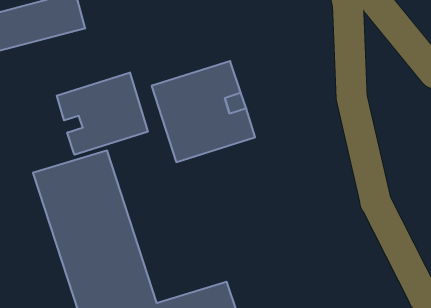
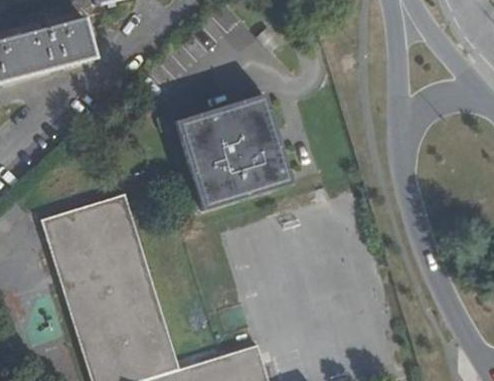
building: [57,72,148,155] -> none

